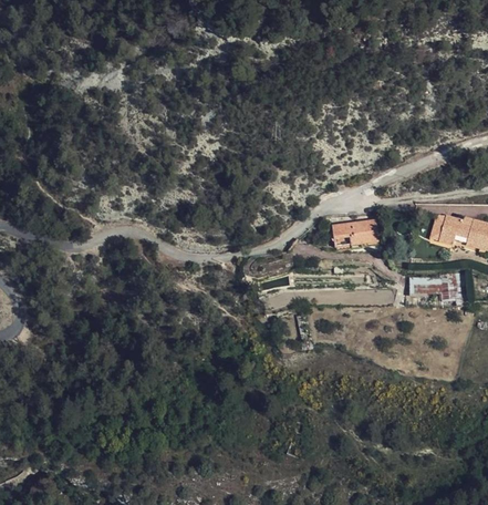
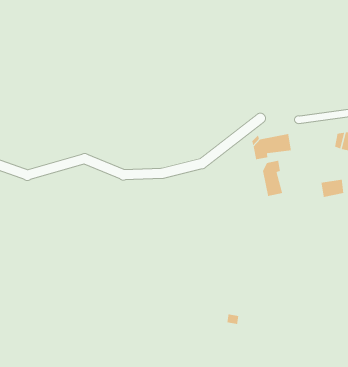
building: none -> [262,160,283,197]

